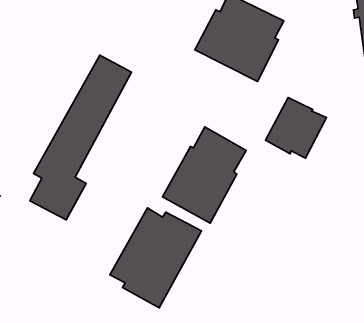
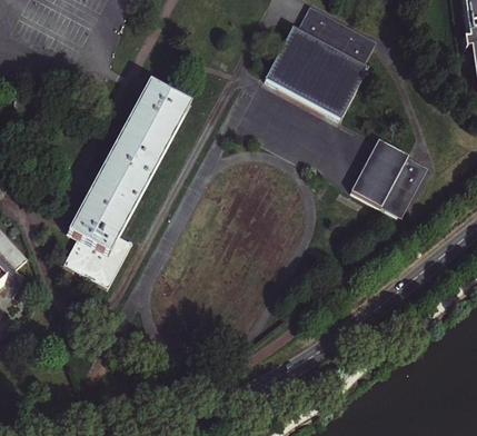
building: [163,127,246,223] -> none
building: [110,208,201,308] -> none

